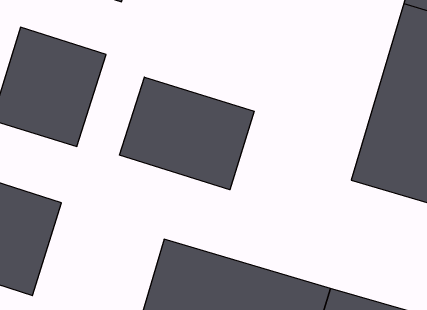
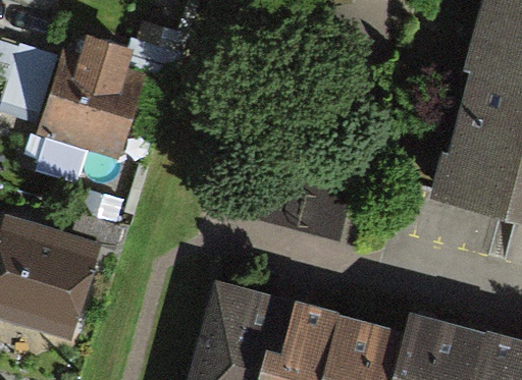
building: [119,77,254,190] -> none

